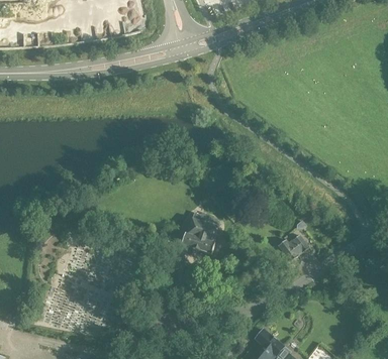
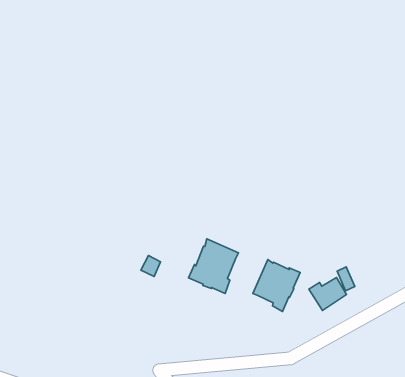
building: none -> [253,259,300,311]

